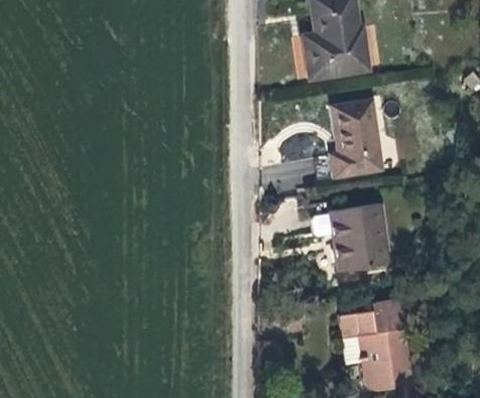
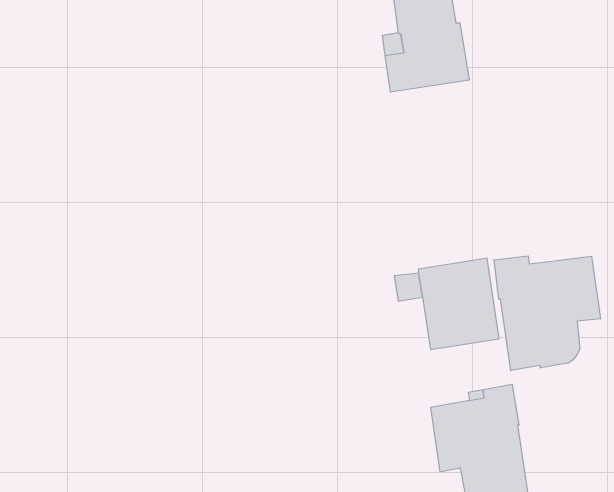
building: [330,100,383,177] -> none
building: none -> [494,256,600,371]

